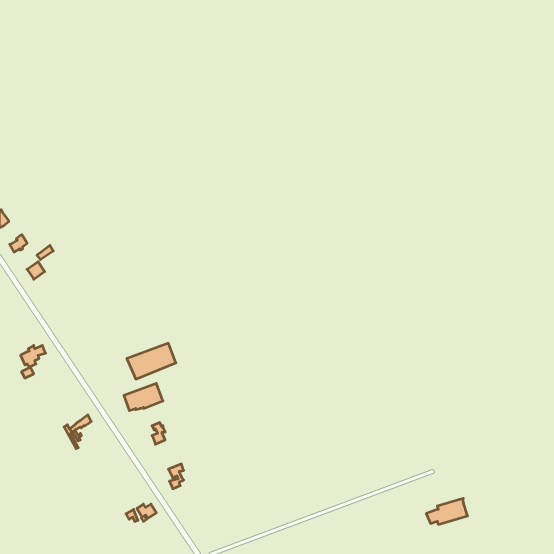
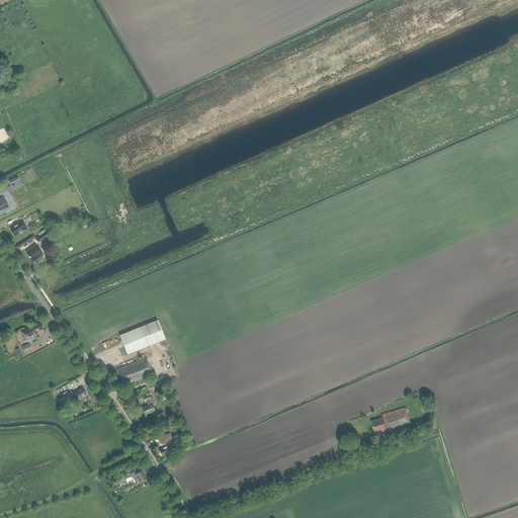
building: [426,498,468,524] -> [370,407,409,431]

